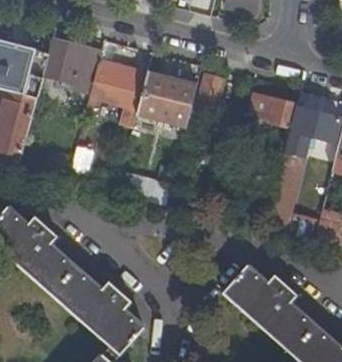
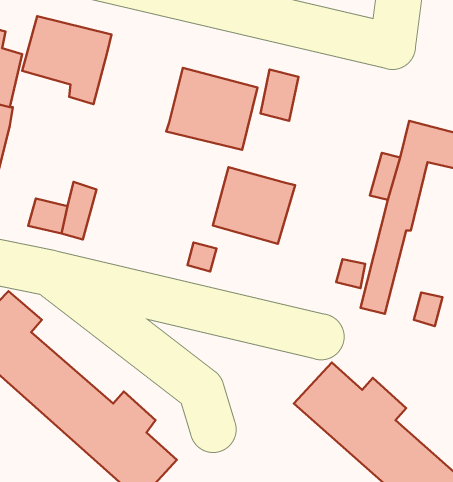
building: [92,59,148,117] -> none
building: [250,93,296,127] -> none
building: none -> [213,167,295,244]

